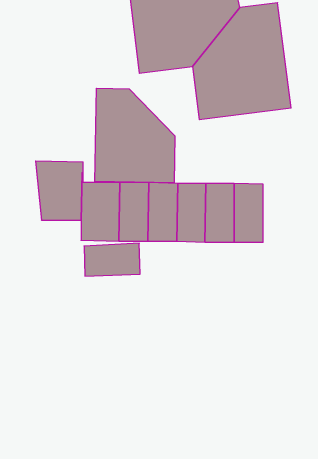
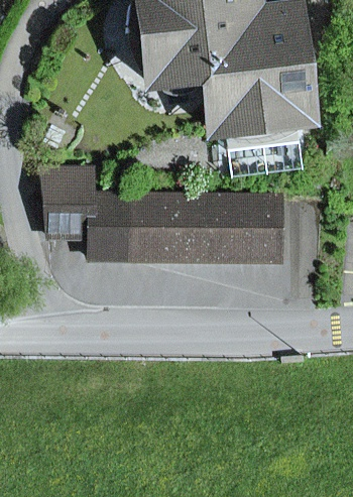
building: [95,88,175,183] -> none

